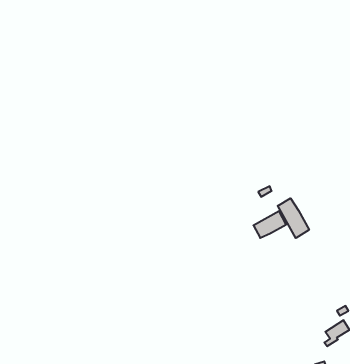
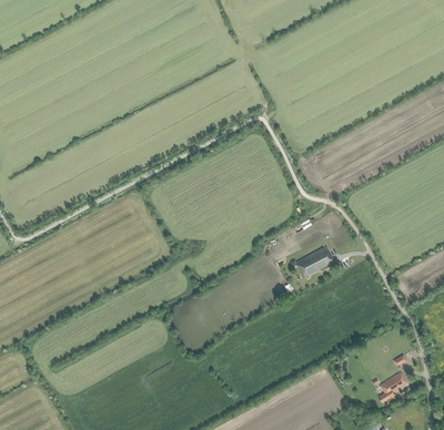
building: [278,198,309,238] -> none

